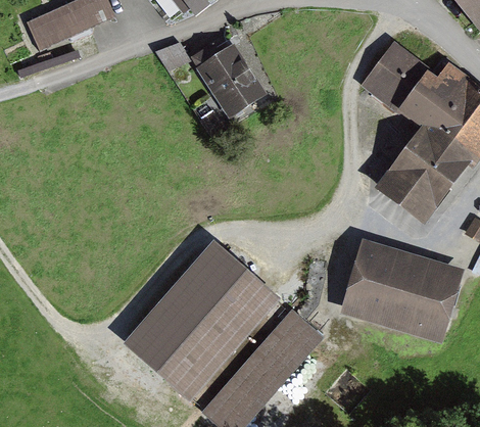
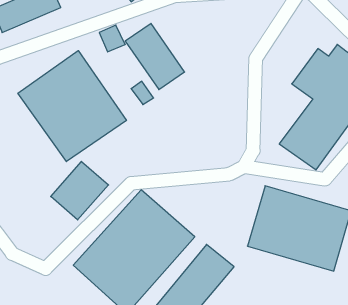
building: [359,44,426,112] -> none
building: none -> [18,51,126,162]
building: none -> [51,161,109,220]

